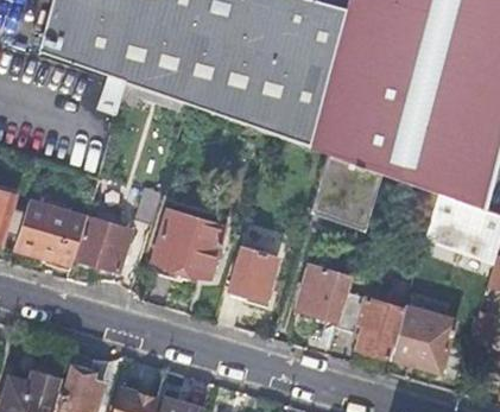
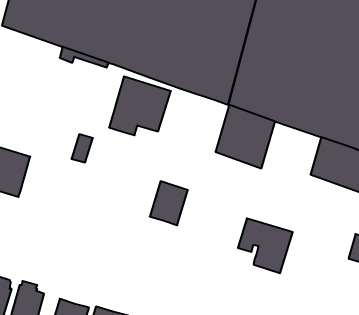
building: [151,210,226,281] -> [109,76,171,135]
building: [74,216,133,271] -> none
building: [296,265,348,319] -> none
building: [388,303,456,373] -> none

